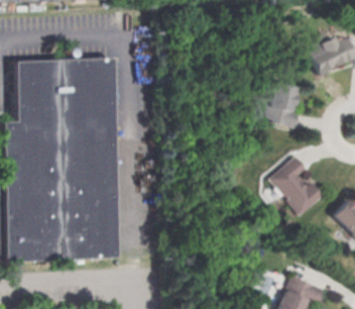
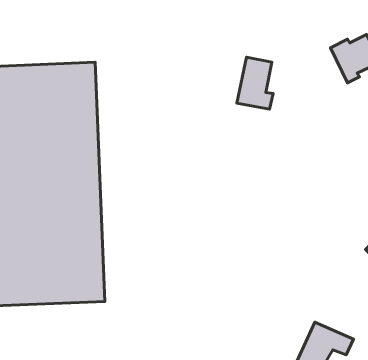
building: [270,83,301,126] -> [237,57,273,109]
building: [272,156,326,215] -> none

